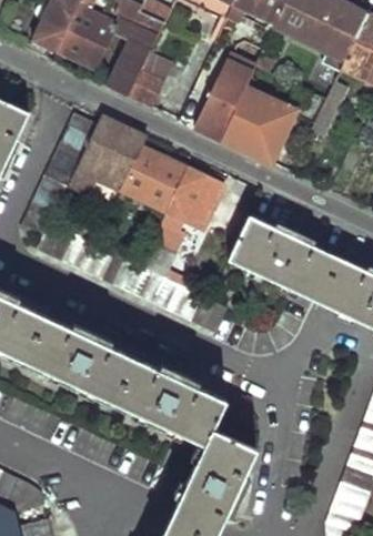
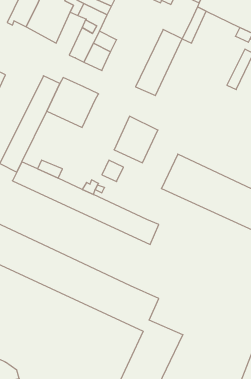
building: [221,87,296,163] -> none
building: [122,145,188,210] -> none

